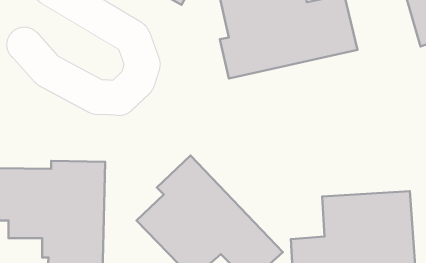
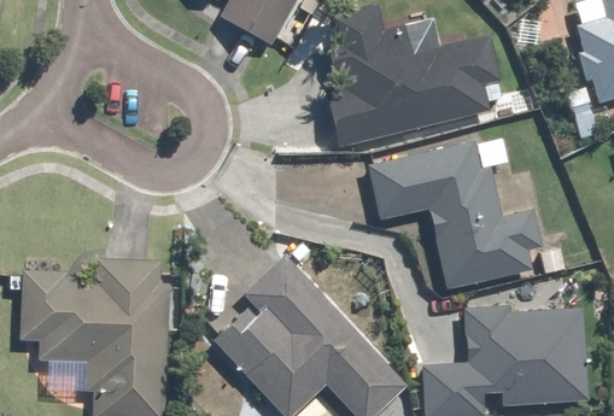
building: none -> [366,141,549,291]

